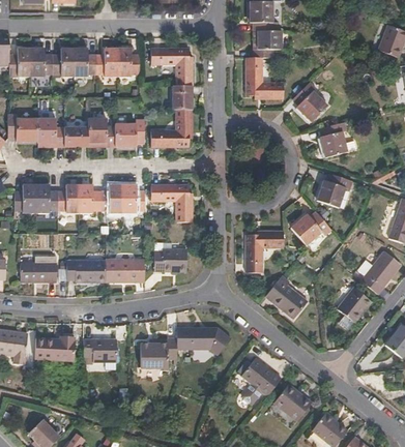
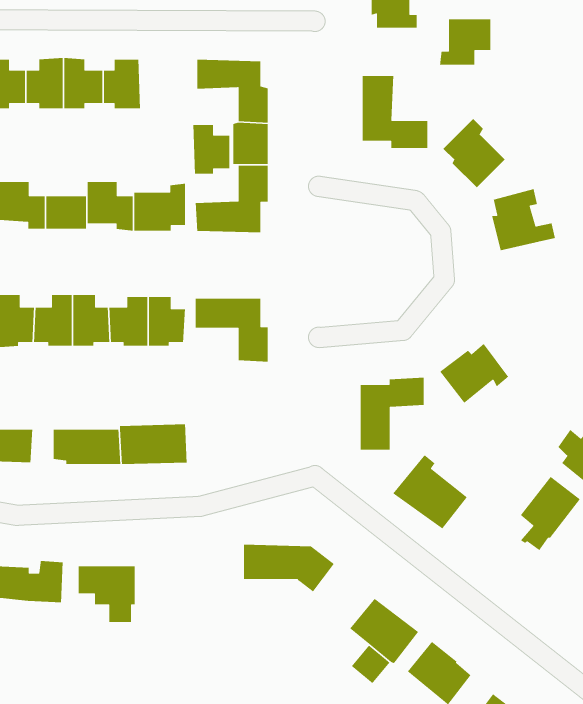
building: [253,30,283,57] -> [439,19,491,65]
building: [117,48,139,77] -> [192,124,230,174]
building: [317,174,352,209] -> none
building: [154,241,186,272] -> none
building: [139,337,177,368] -> none

